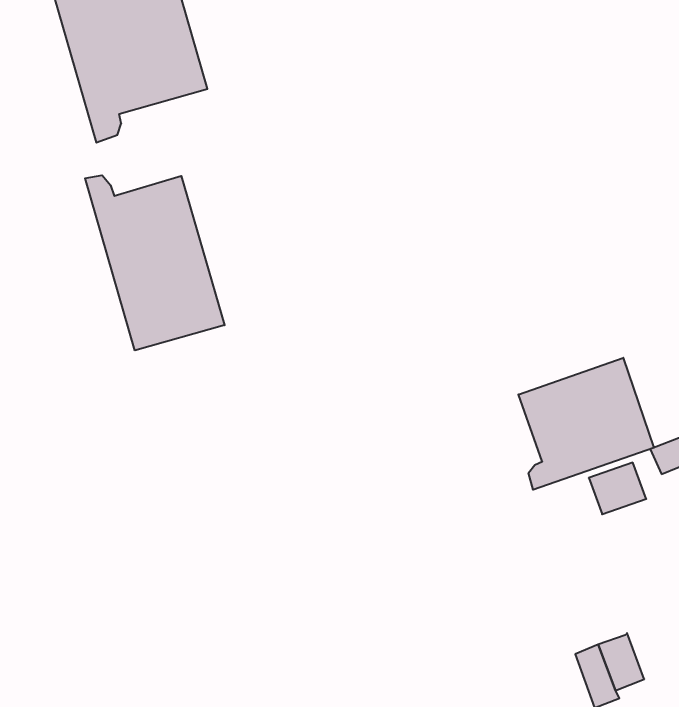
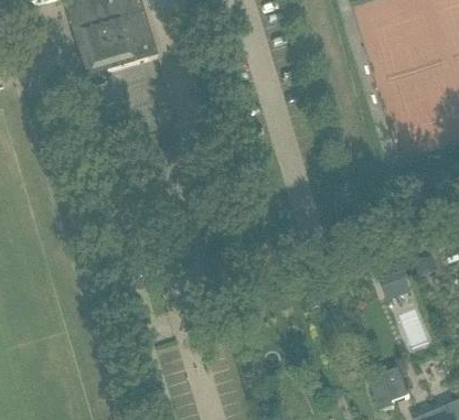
building: [85,175,225,350] -> none
building: [518,358,654,490] -> none

